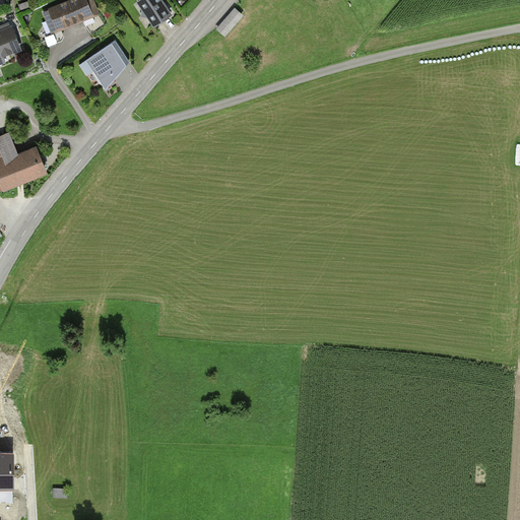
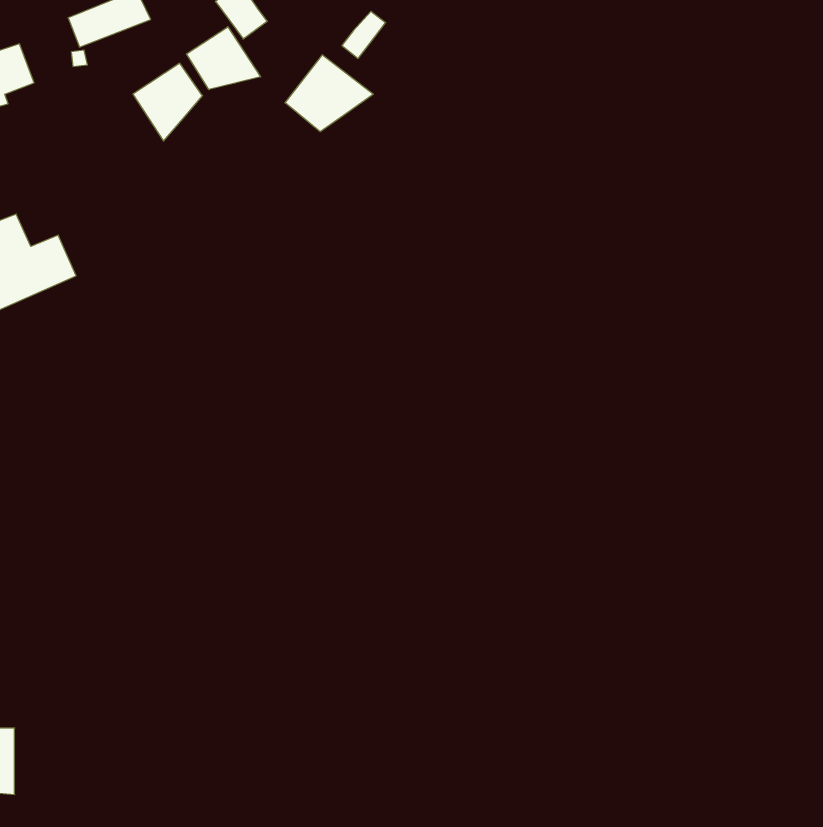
building: none -> [187,27,261,90]
building: none -> [285,55,373,132]

